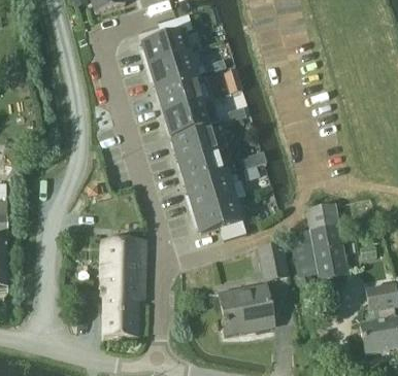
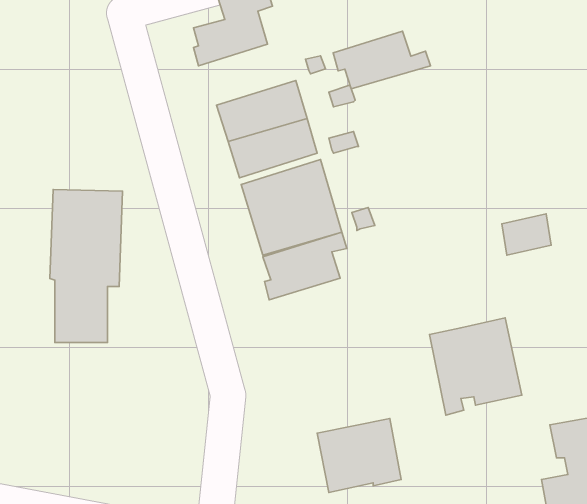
building: [145,53,206,89] -> [333,31,431,89]
building: [190,199,245,239] -> none
building: [306,204,337,230] -> [502,214,551,255]
building: [100,238,145,334] -> [50,189,123,343]
building: [258,244,288,280] -> none

